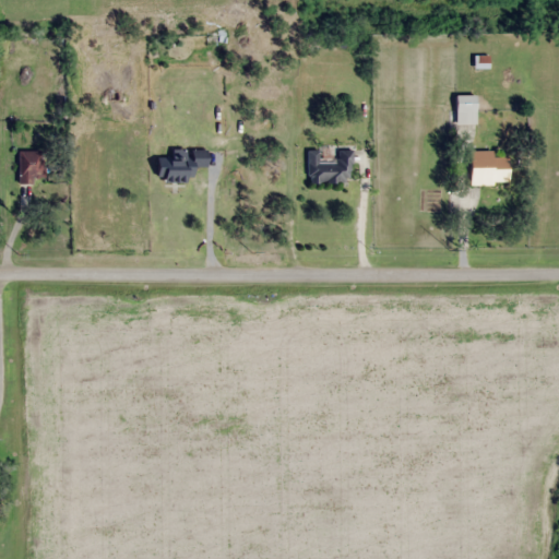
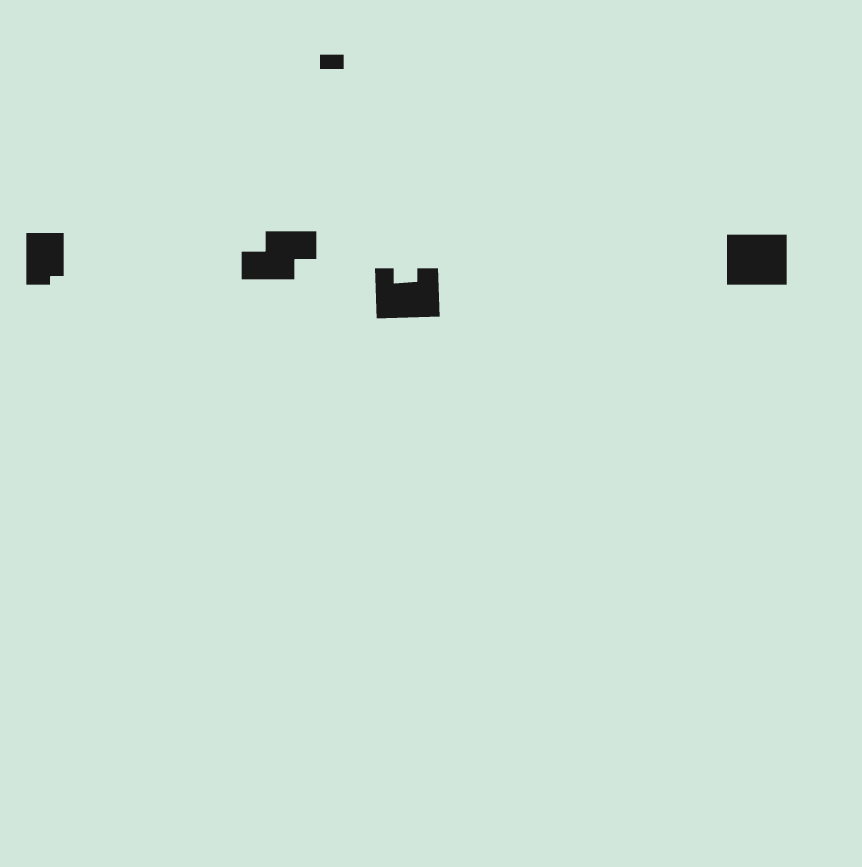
building: [456,94,477,123] -> none
building: [309,150,352,182] -> [374,268,440,319]

